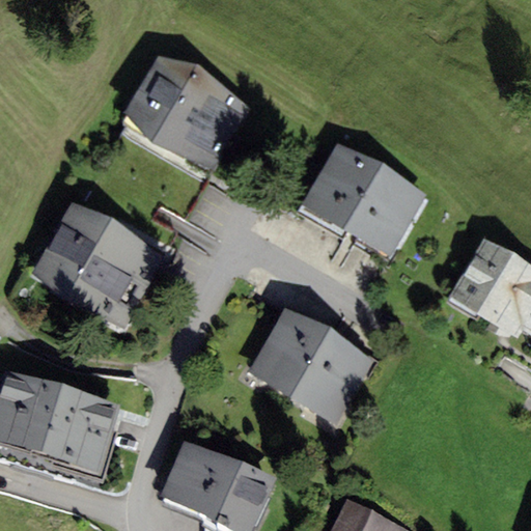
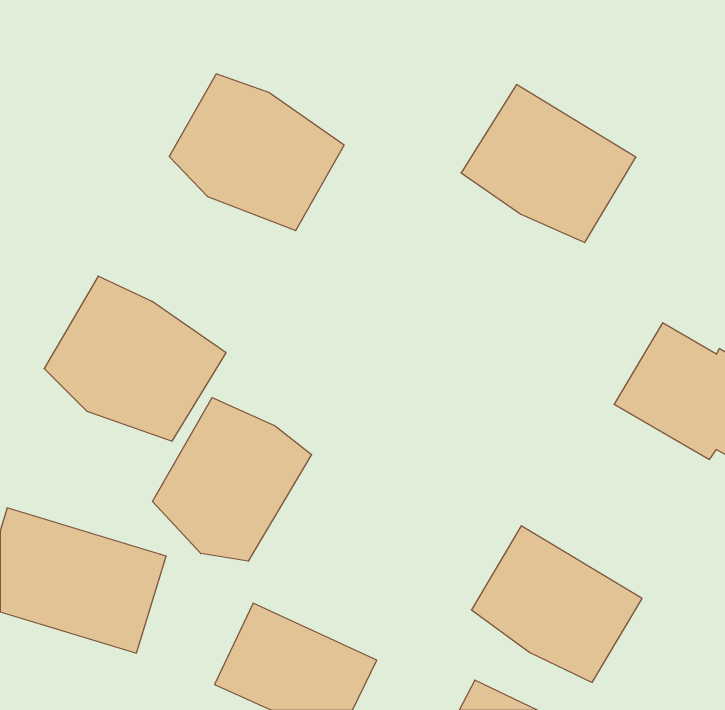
building: [301,140,428,255] -> [461,85,636,243]
building: none -> [152,398,312,561]
building: [249,307,373,421] -> [471,526,642,682]

